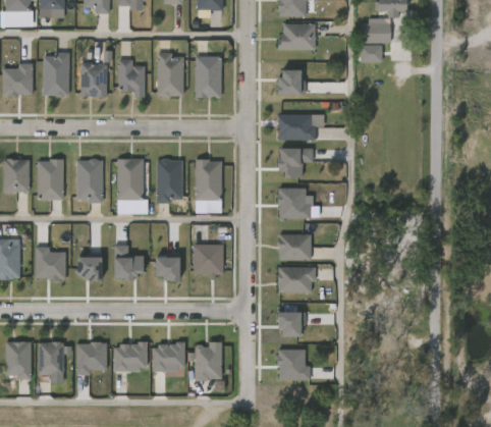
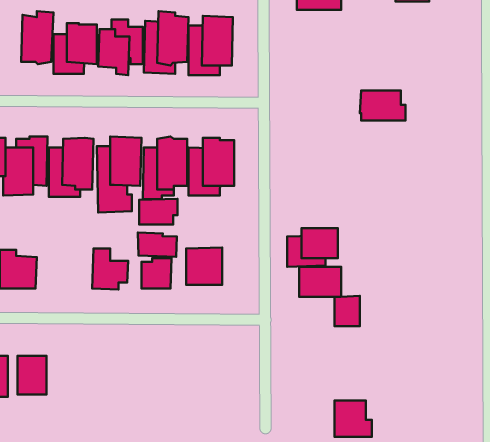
building: [359,45,380,63] -> none
building: [277,70,299,95] -> none
building: [284,108,323,134] -> [360,90,406,121]
building: [278,149,312,178] -> none
building: [277,189,310,219] -> none
building: none -> [139,199,178,224]
building: none -> [138,233,177,257]
building: [76,253,101,279] -> none
building: [278,312,299,337] -> [335,296,360,326]
building: [194,342,220,380] -> none
building: [74,343,106,375] -> none
building: [112,344,146,371] -> none
building: [151,344,184,371] -> none
building: [277,350,309,380] -> [334,401,372,437]

